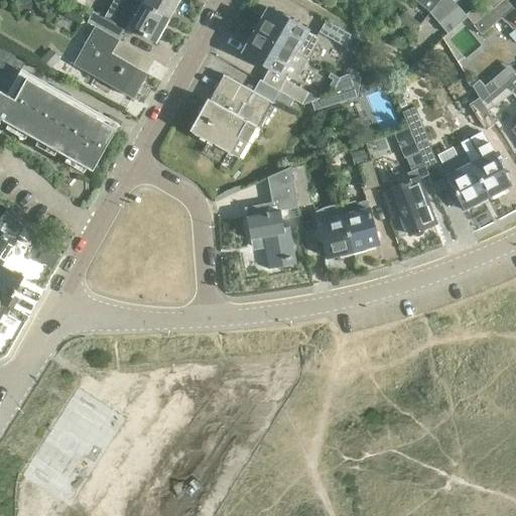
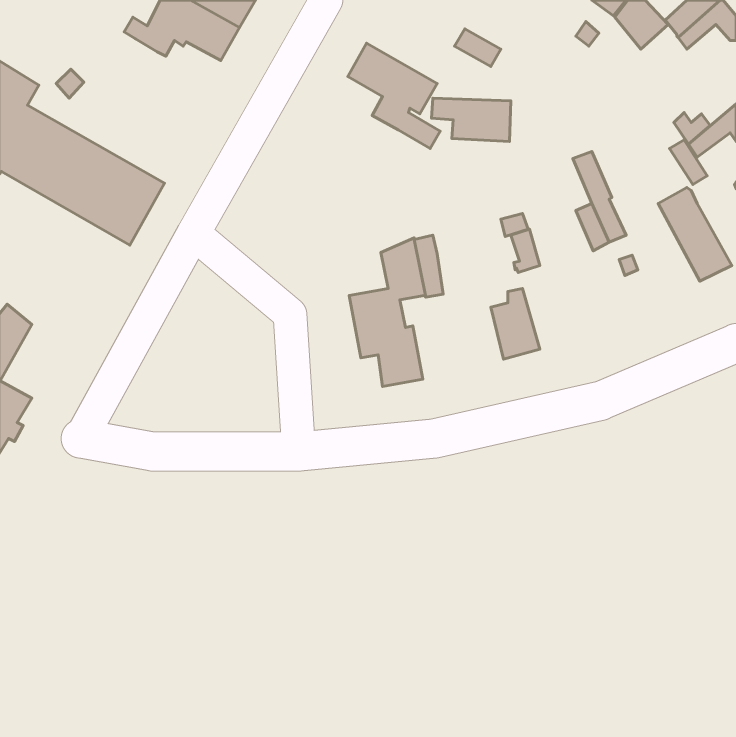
building: [256,9,318,58] -> none
building: [74,27,152,99] -> none
building: [189,75,278,157] -> none
building: [439,142,489,210] -> none
building: [383,177,437,234] -> none
building: [313,205,352,257] -> none

